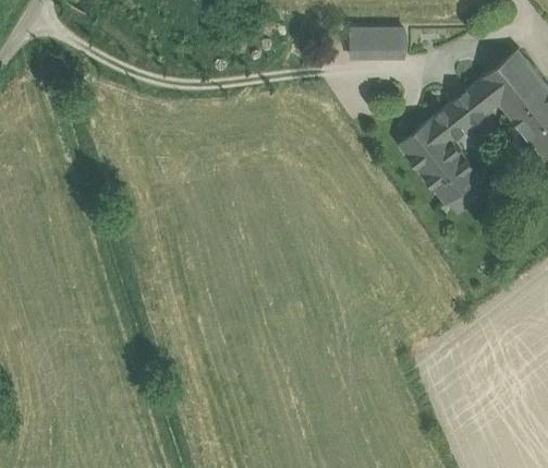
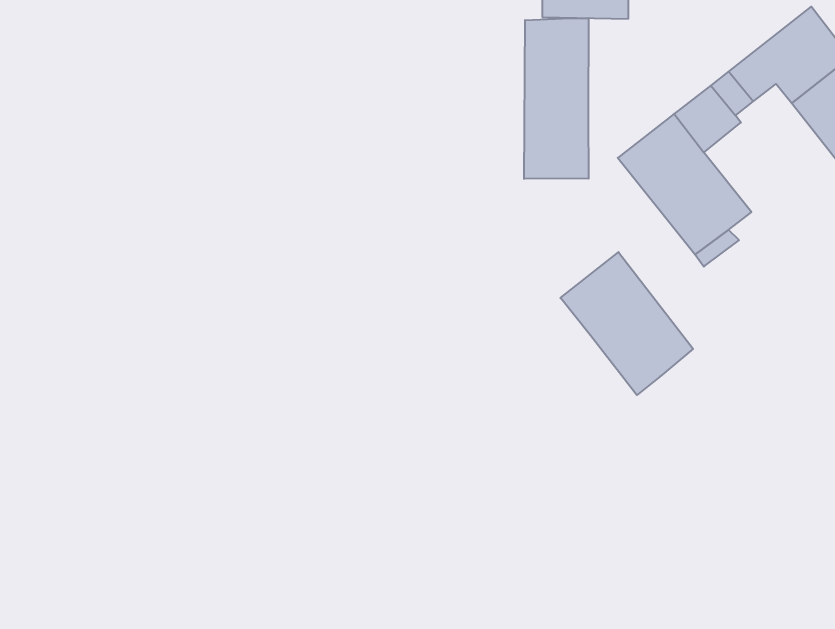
building: none -> [524,18,589,179]
building: none -> [560,252,693,395]

